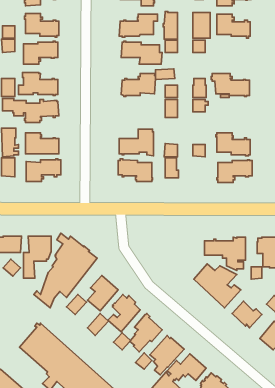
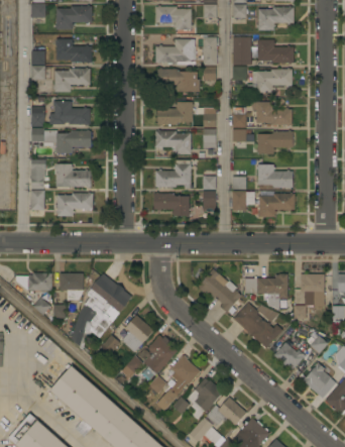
building: none -> [246,68,292,92]
building: none -> [155,130,192,154]
building: none -> [256,130,293,154]
building: none -> [231,191,253,211]
building: none -> [197,268,241,317]

